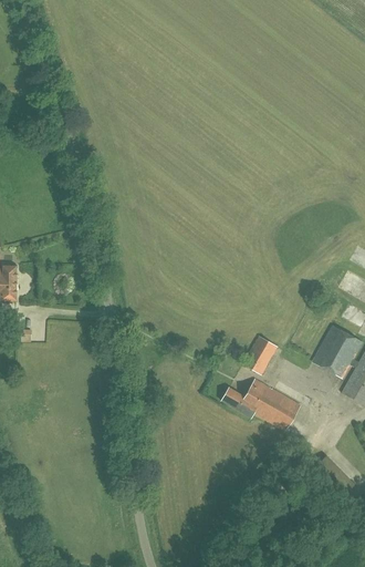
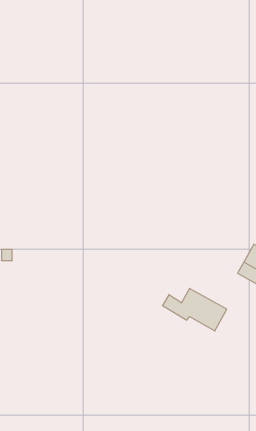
building: [243,336,278,374] -> none

